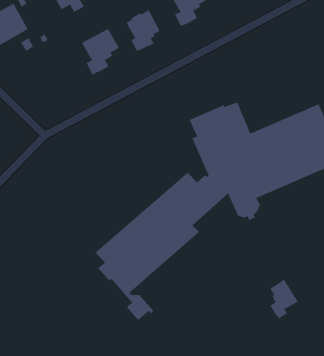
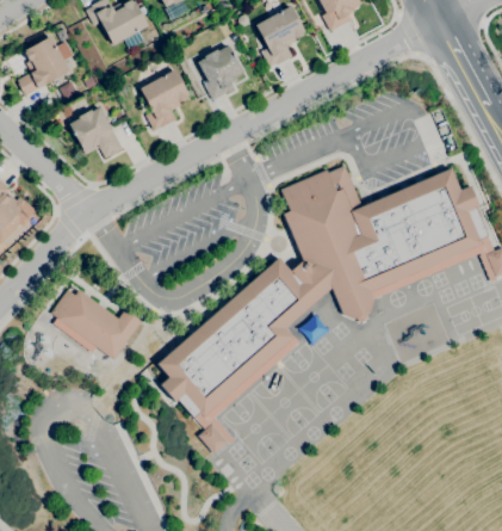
building: none -> [69,107,123,159]
building: none -> [51,290,142,360]
building: [270,279,299,319] -> none

